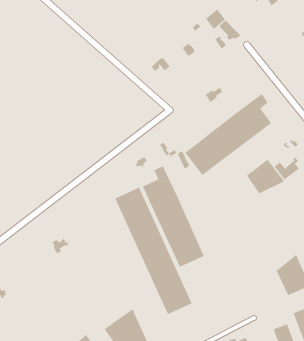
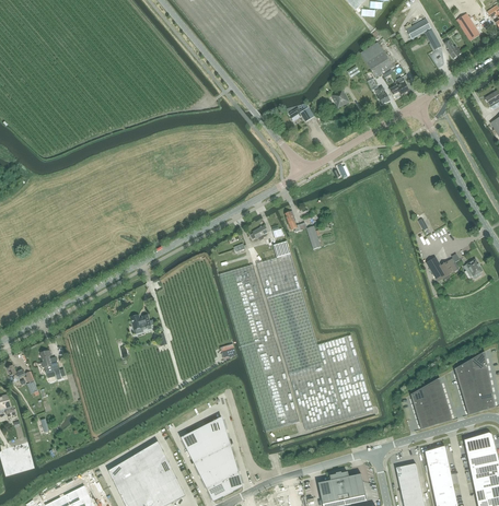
building: [184,93,272,176] -> none
building: [246,159,285,194] -> none
building: none -> [289,334,373,429]

